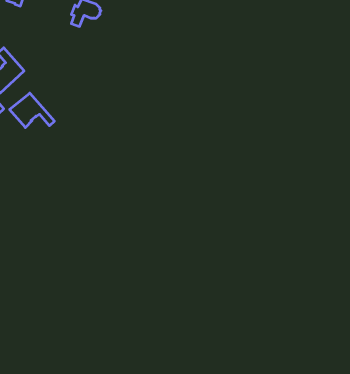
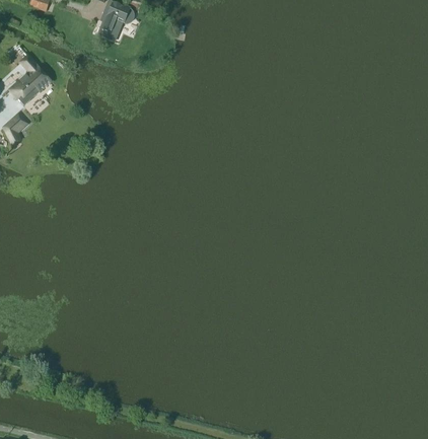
building: [10,93,54,128] -> none

